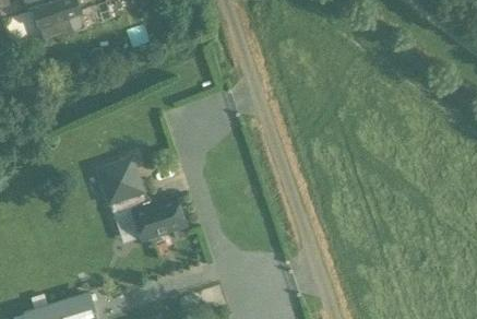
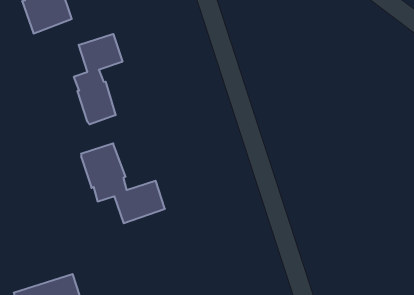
building: none -> [74,34,122,124]

